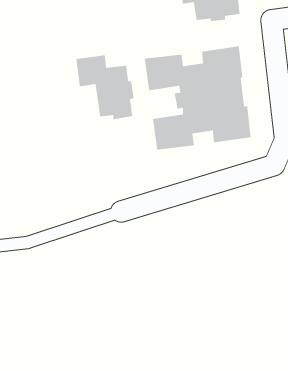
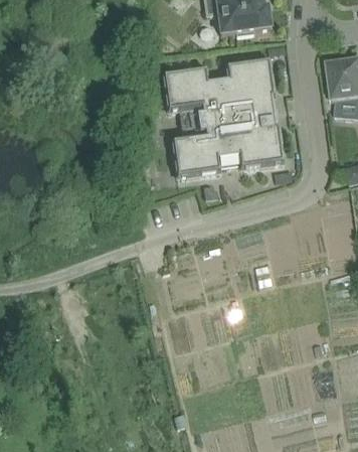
building: [76,55,135,120] -> none

